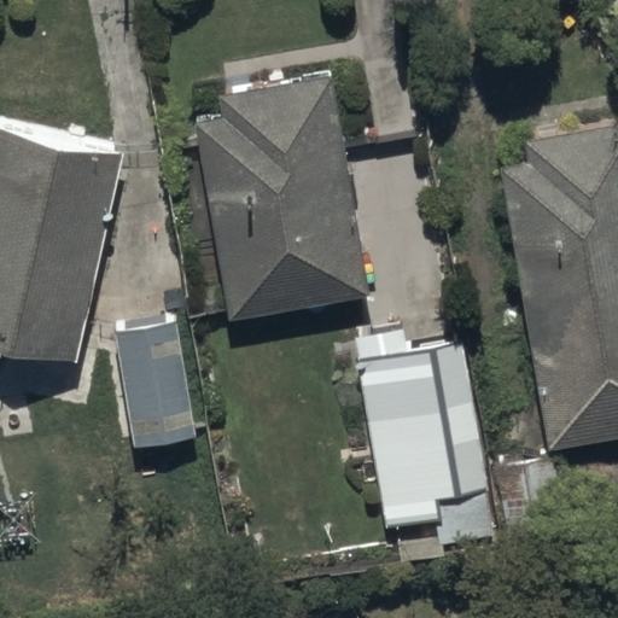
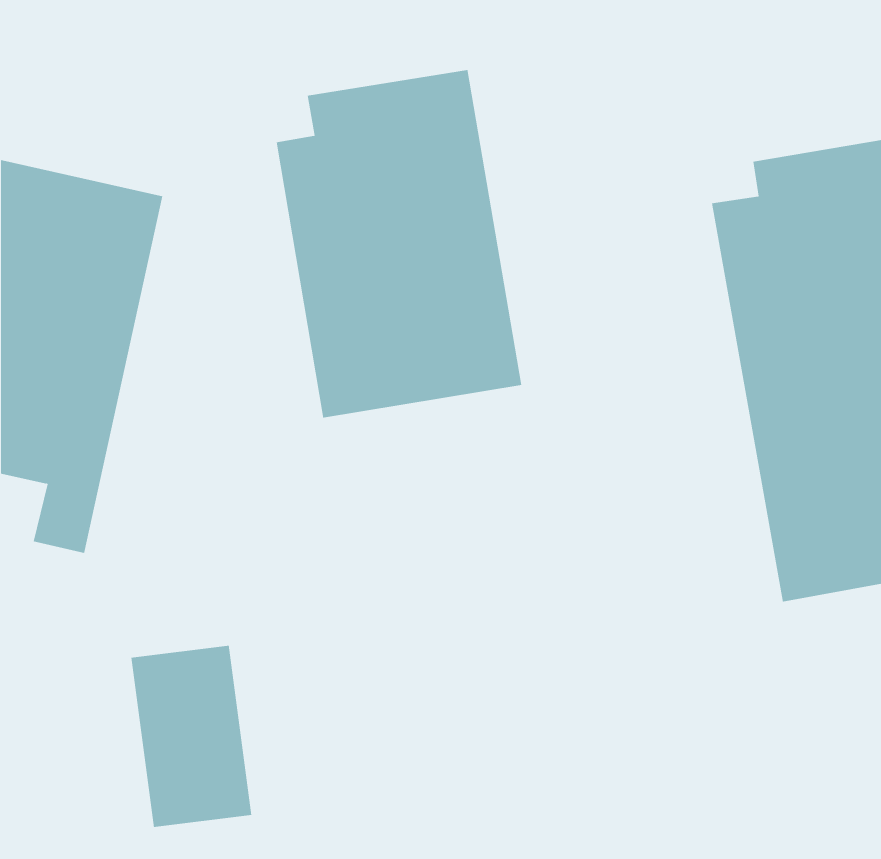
building: [115,331,199,457] -> [131,645,252,827]
building: [358,340,492,542] -> none

